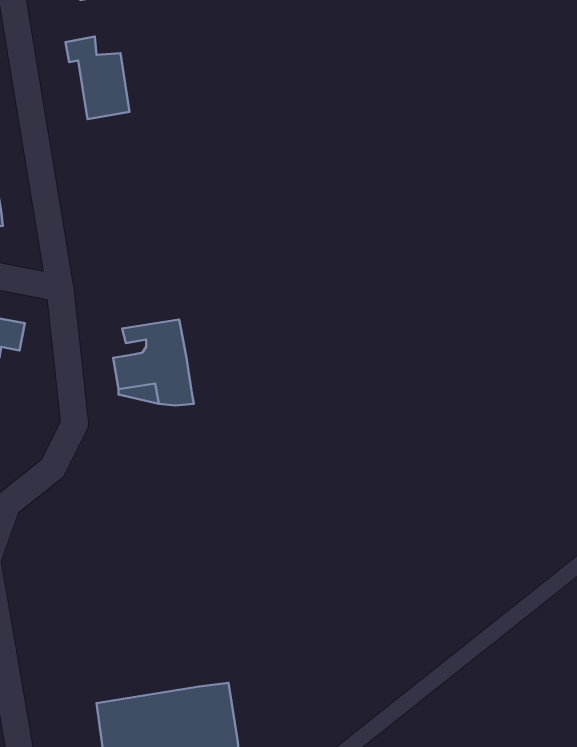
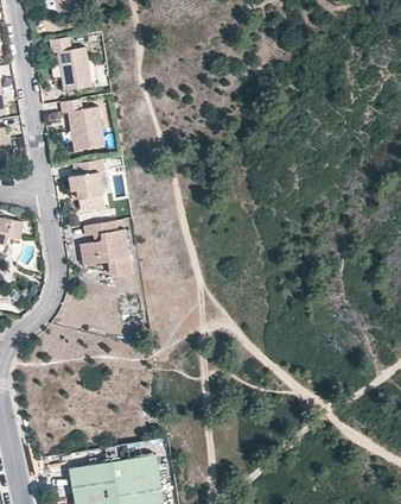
building: none -> [61,99,104,150]
building: none -> [70,158,108,212]

